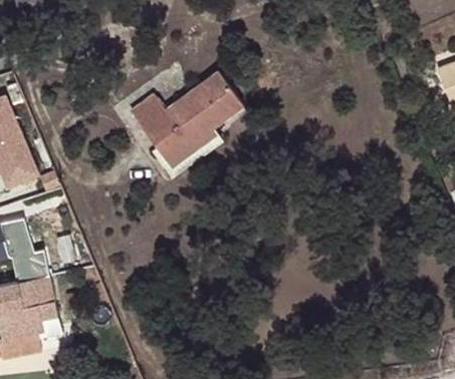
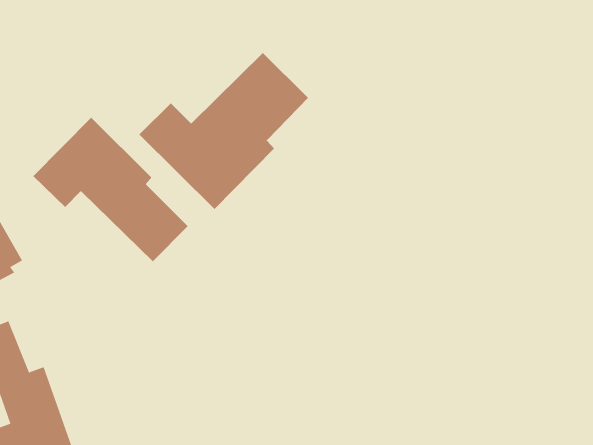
building: none -> [33,117,189,262]

